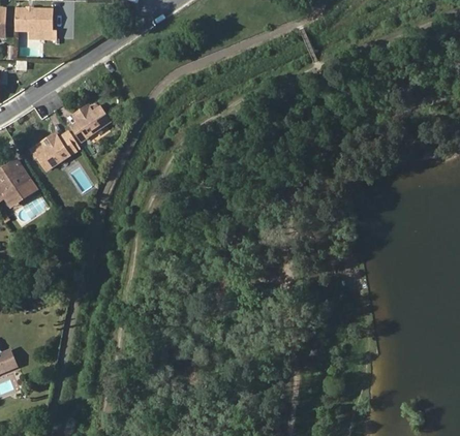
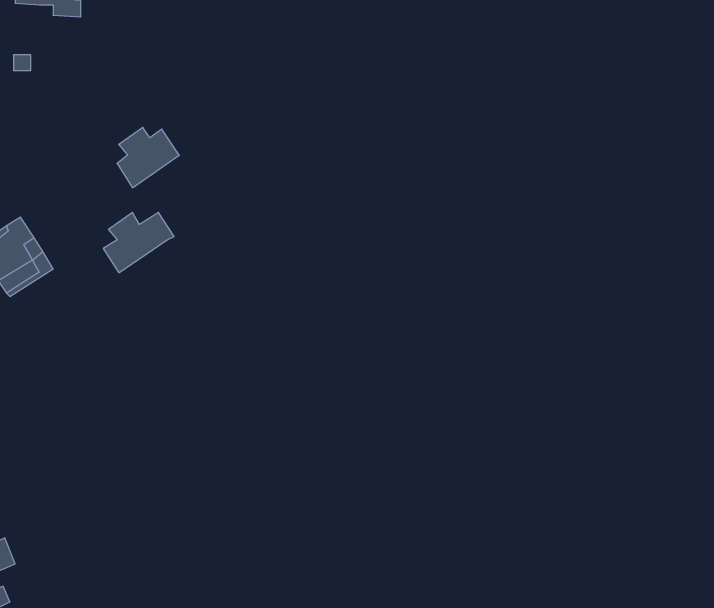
building: [38,133,81,169] -> [103,212,174,273]

